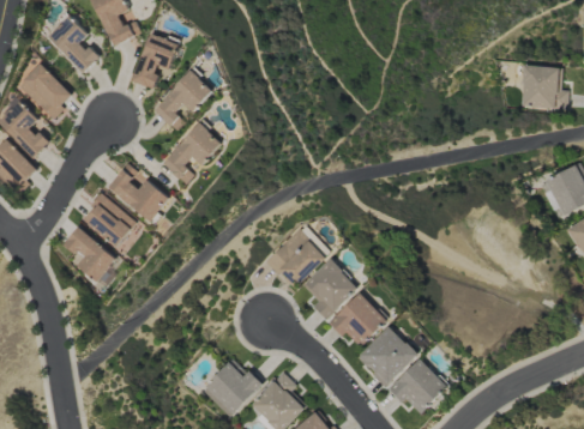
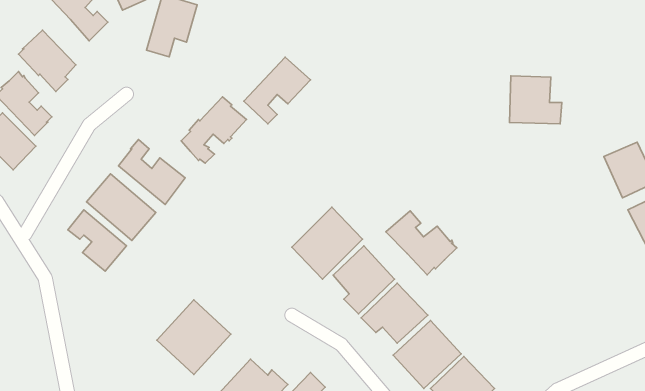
building: [520,65,567,108] -> [510,76,562,124]
building: [155,70,215,129] -> [244,57,311,124]
building: none -> [386,211,457,275]
building: none -> [157,300,231,375]

